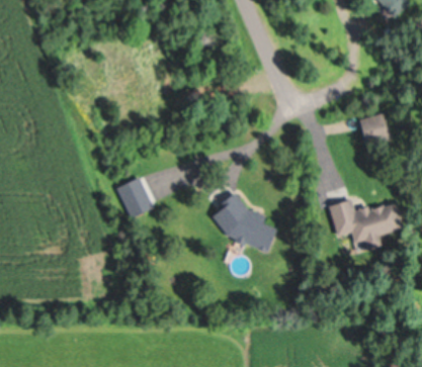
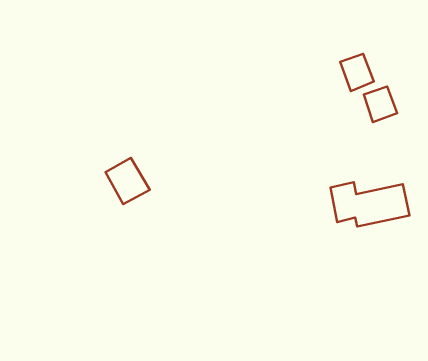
building: none -> [340,54,374,91]
building: [210,196,275,250] -> none

